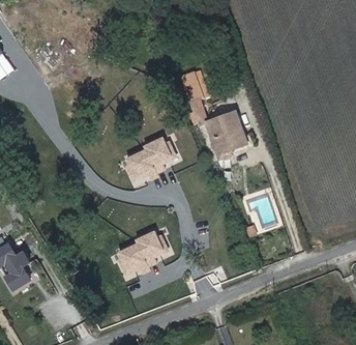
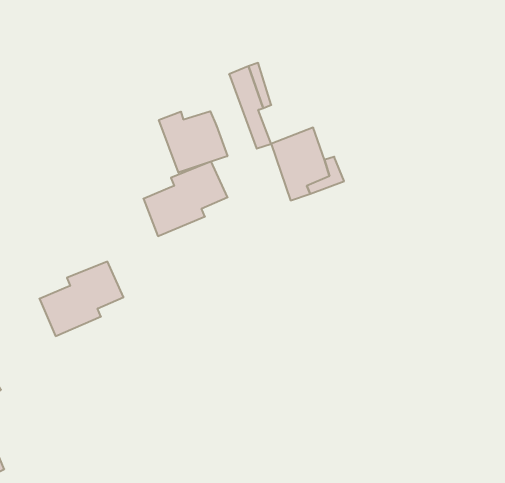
building: none -> [159,111,227,173]
building: [114,229,168,277] -> [39,262,124,336]

